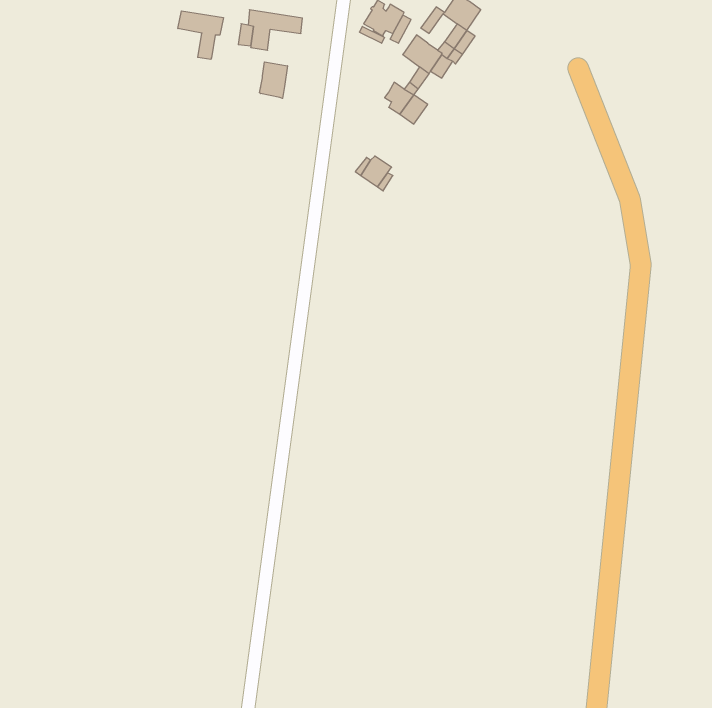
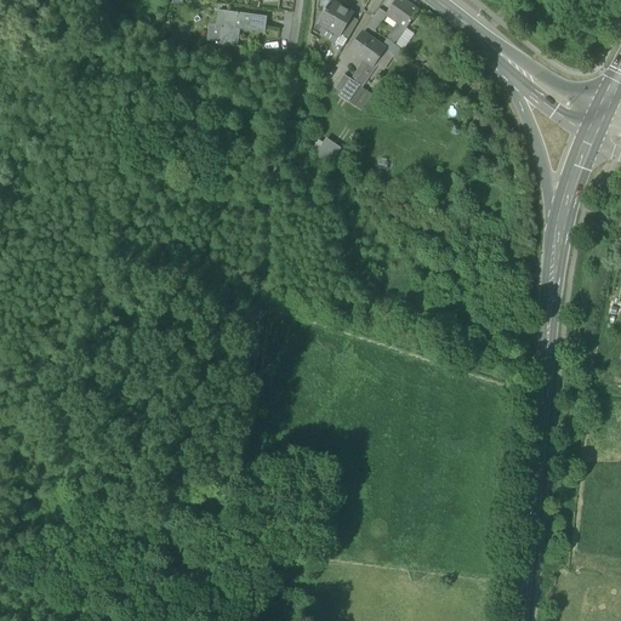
building: [178,11,223,59] -> none
building: [260,62,287,98] -> none

